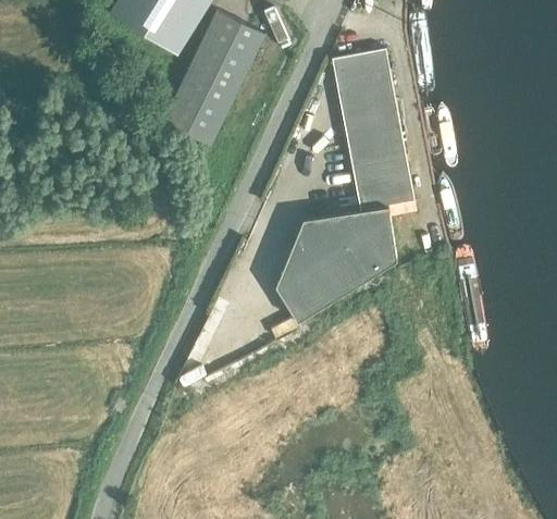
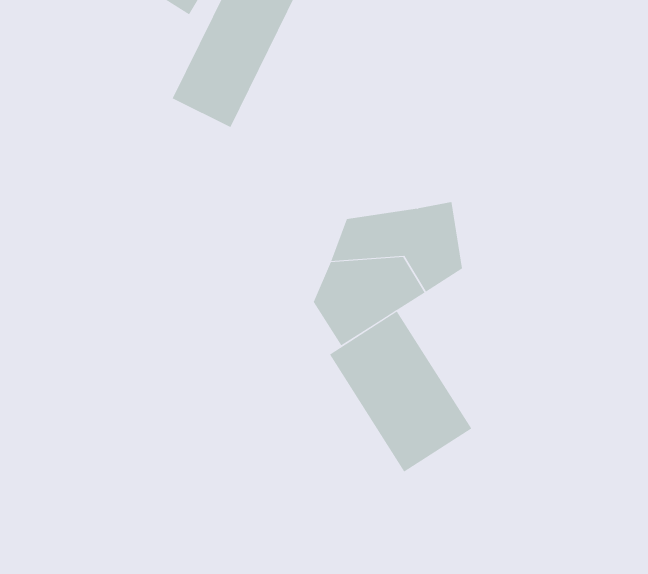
building: [332,49,414,211] -> none
building: none -> [329,311,472,472]

